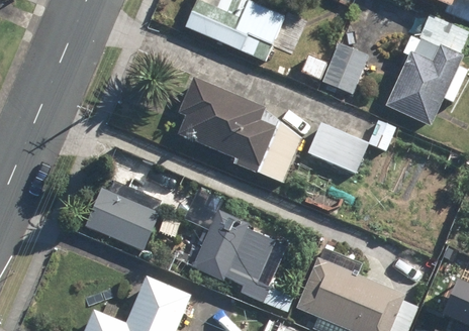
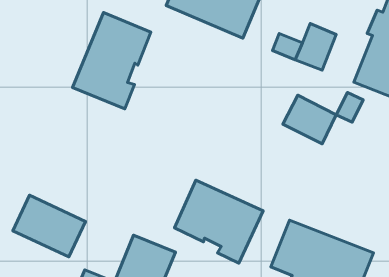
building: none -> [73,12,151,109]
building: [173,75,305,183] -> none
building: [80,186,159,252] -> [13,195,86,257]

